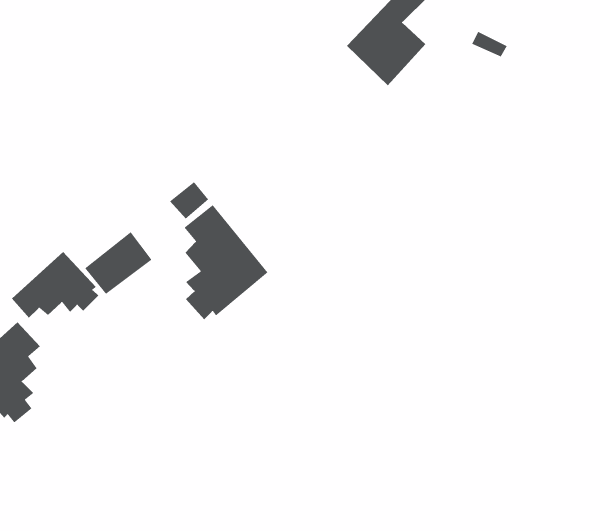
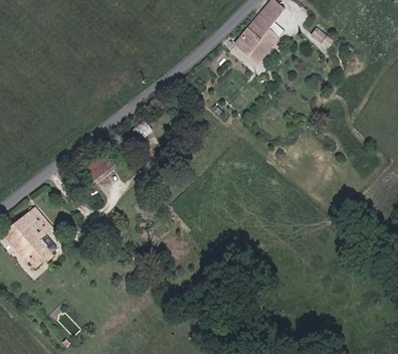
building: [183,204,269,320] -> none
building: [11,251,99,319] -> none

